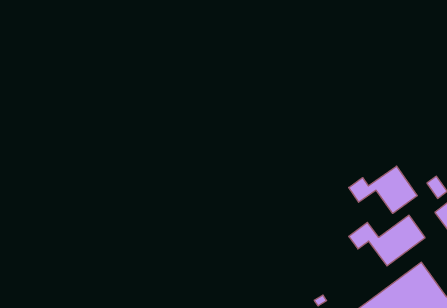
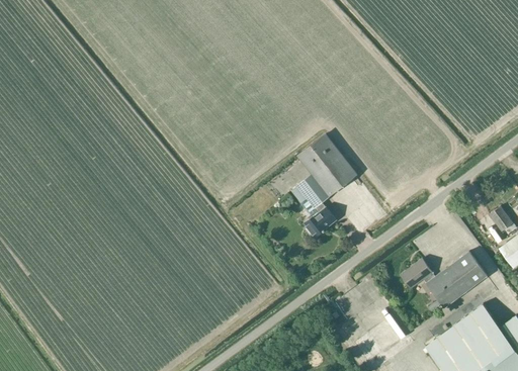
building: none -> [296,132,357,237]
building: [349,166,417,213] -> none

